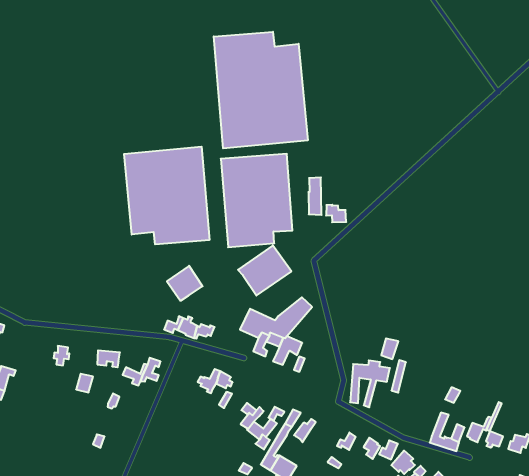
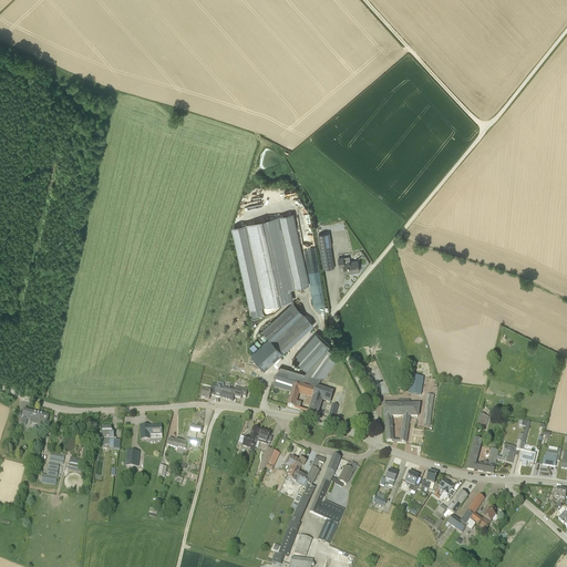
building: [214,32,308,148] -> none
building: [124,147,209,244] -> none
building: [167,266,203,301] -> [248,333,282,368]
building: none -> [292,331,329,368]

